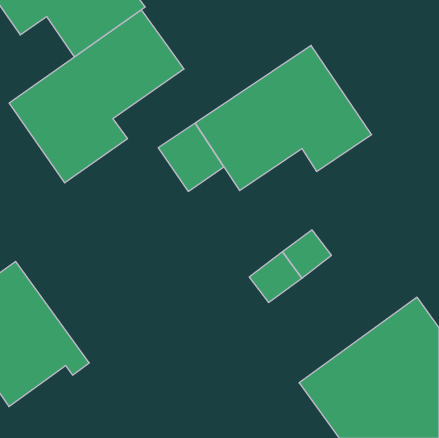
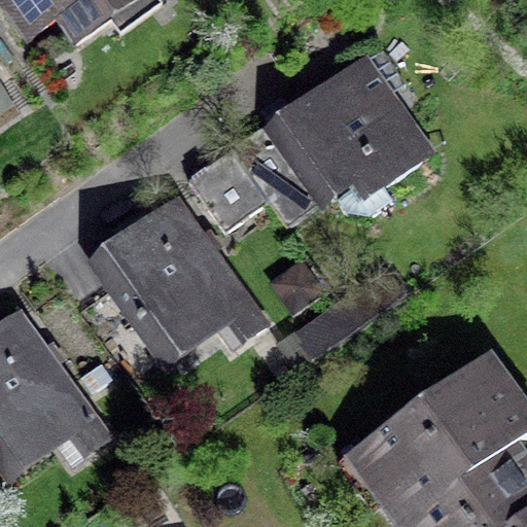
building: [9,10,184,183] -> none
building: none -> [85,194,268,362]

